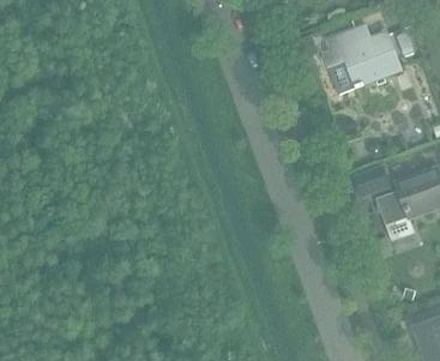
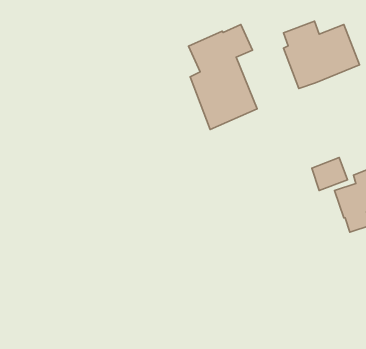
building: none -> [188,24,257,129]

